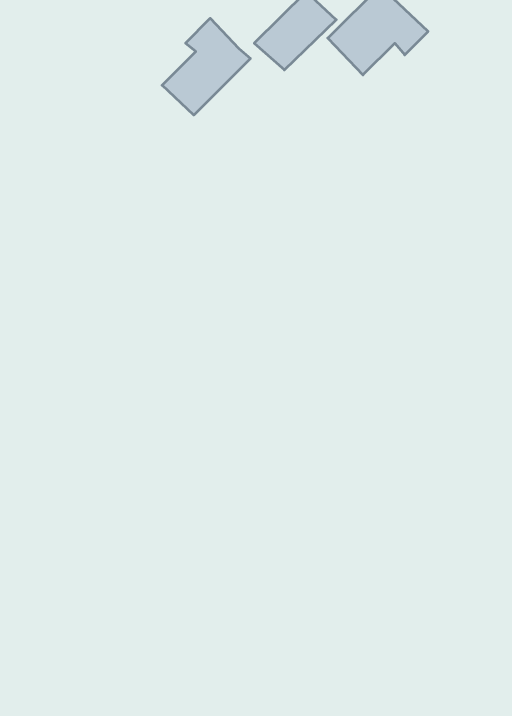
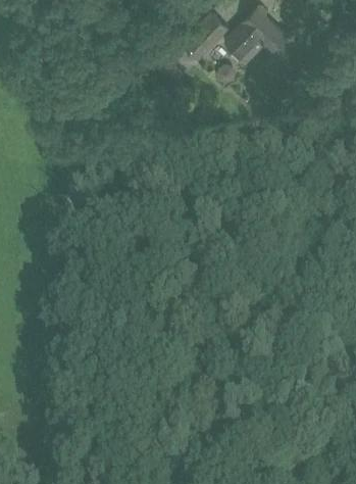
building: [162,18,250,115] -> none

